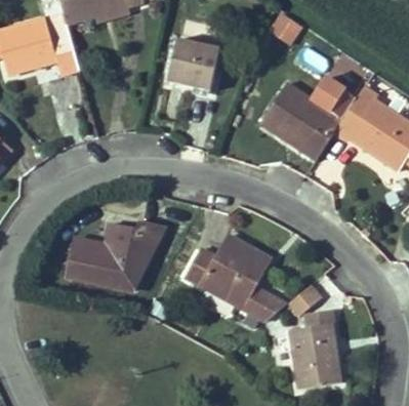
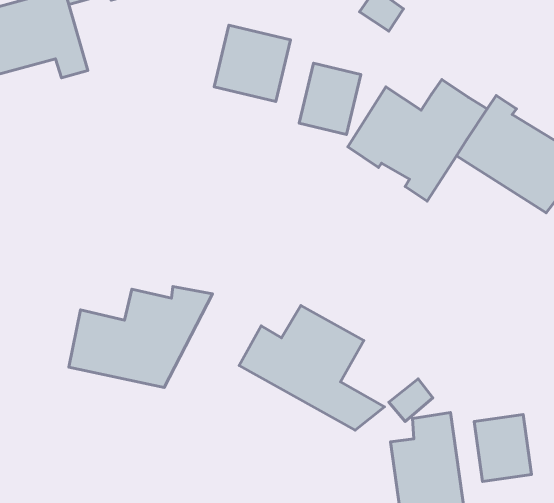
building: none -> [299,63,361,134]
building: none -> [474,415,532,481]

